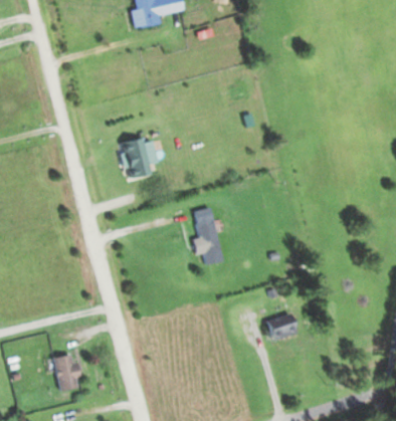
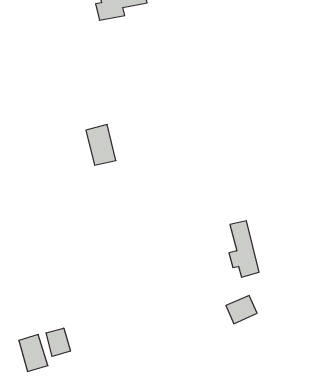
building: [193,207,224,265] -> [229,221,259,277]
building: none -> [46,328,70,356]

